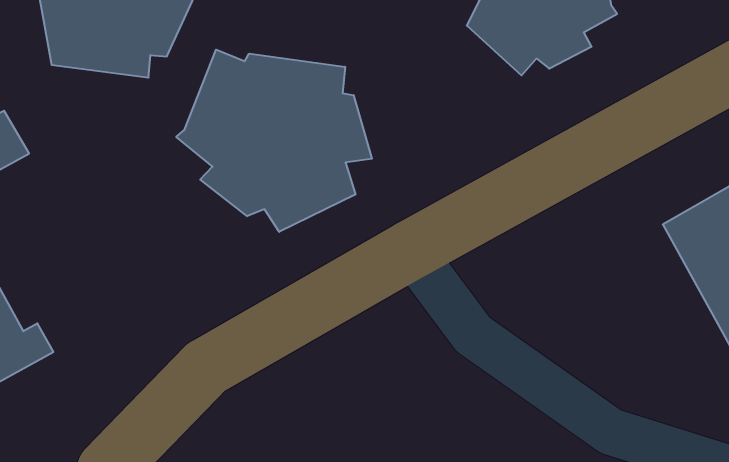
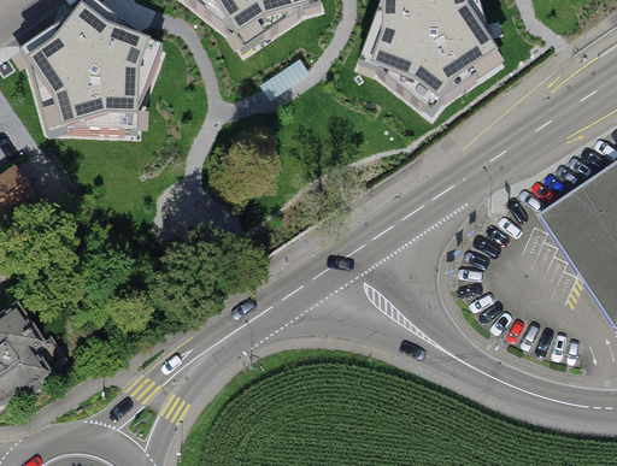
building: [176,50,372,232] -> none

